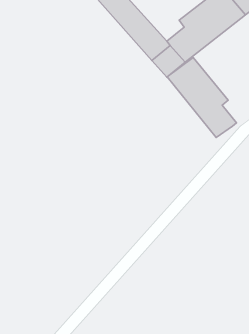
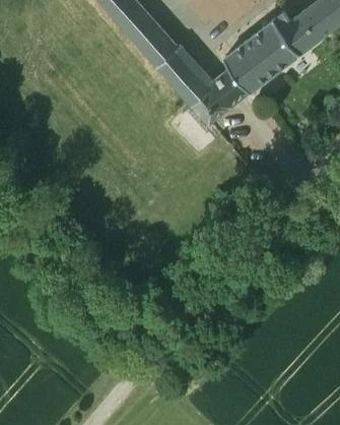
building: [167,57,236,137] -> none

